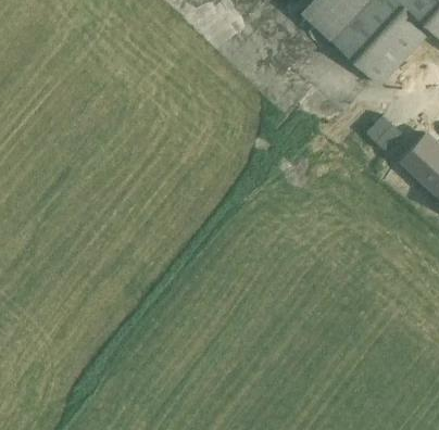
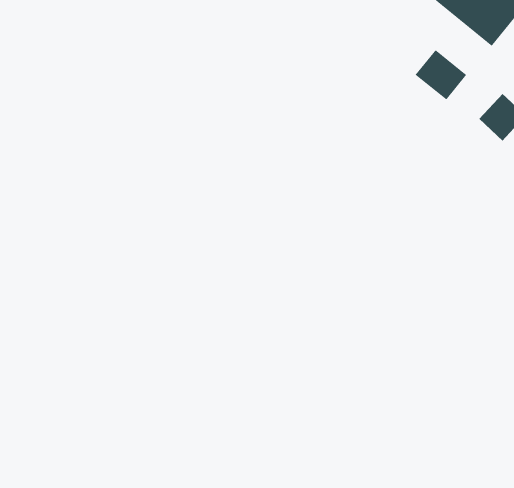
building: none -> [415,49,467,101]

